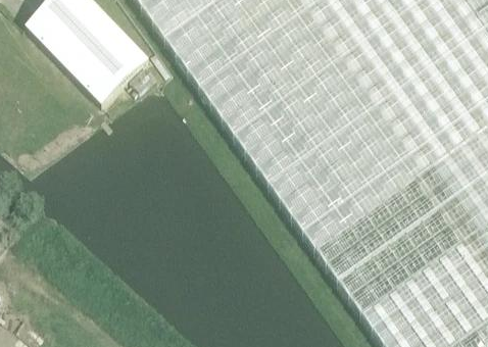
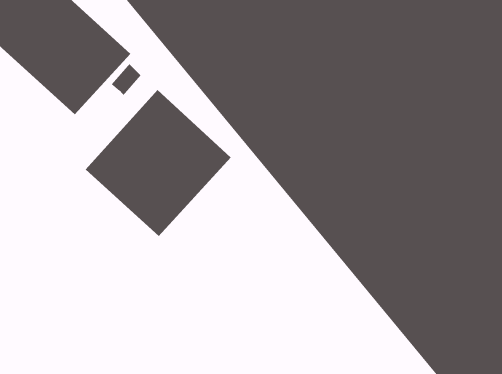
building: none -> [85,89,231,237]

